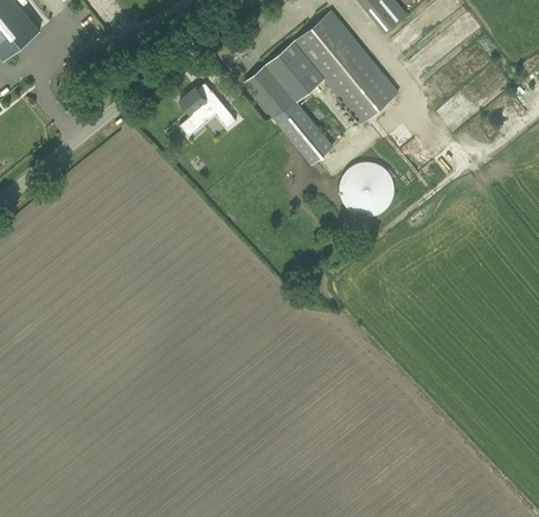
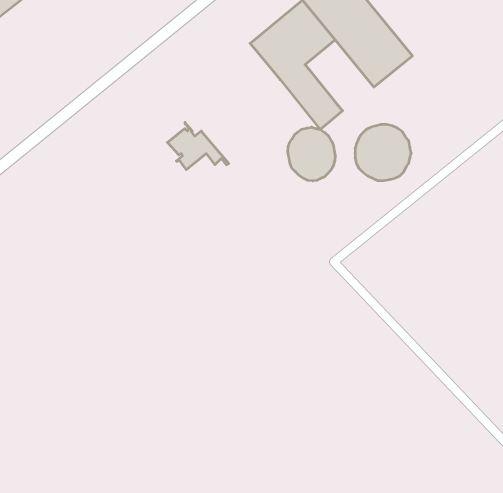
building: [179,82,237,127] -> [167,122,229,170]
building: none -> [288,127,335,181]

